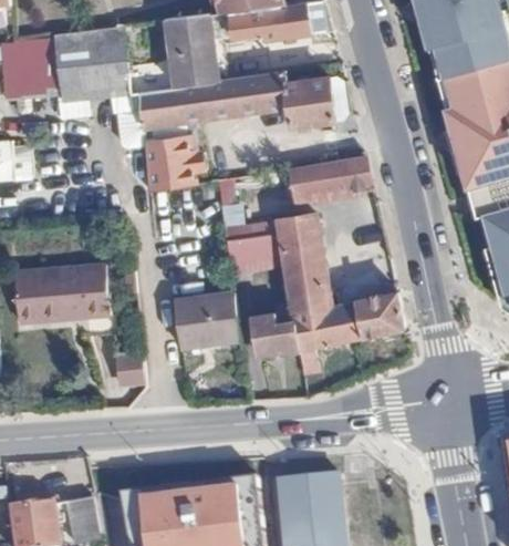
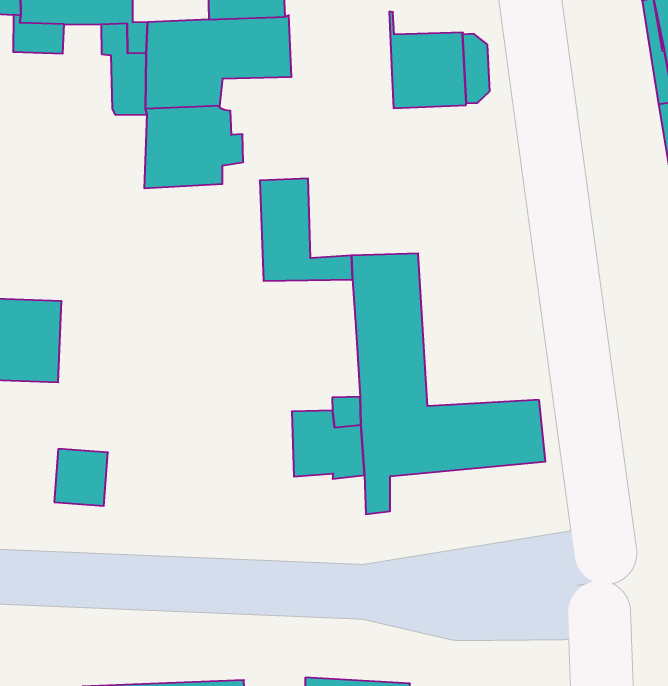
building: [222,71,288,116] -> none
building: [289,156,372,202] -> none
building: [225,234,283,274] -> none
building: [173,291,239,348] -> none

